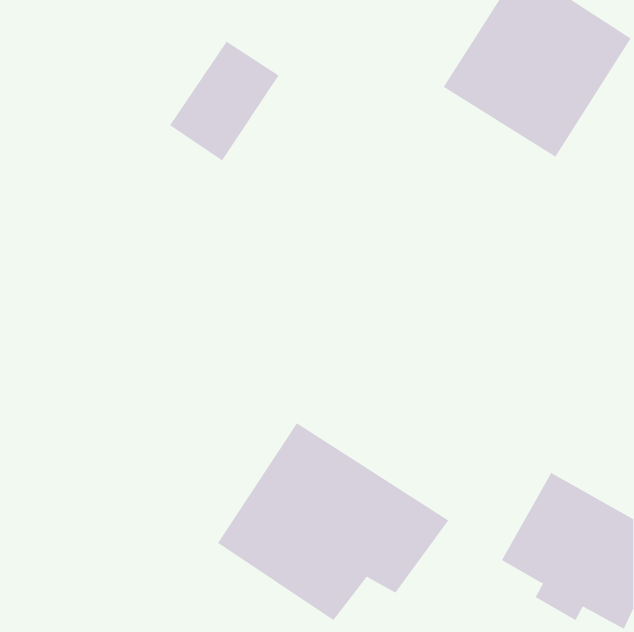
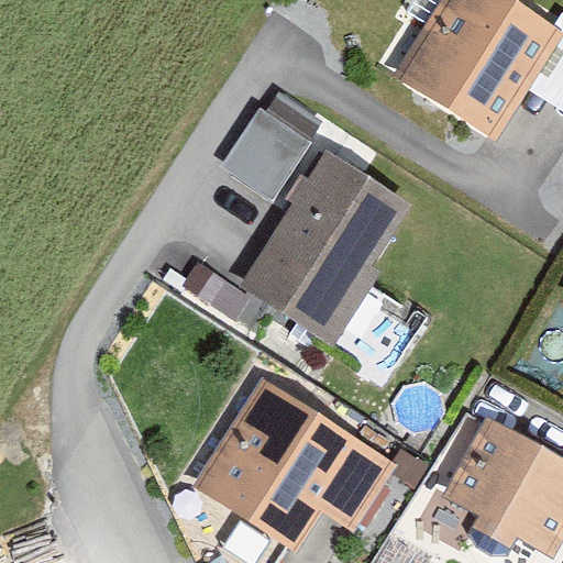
building: [169,41,279,161] -> [224,92,322,199]
building: none -> [249,158,409,333]

